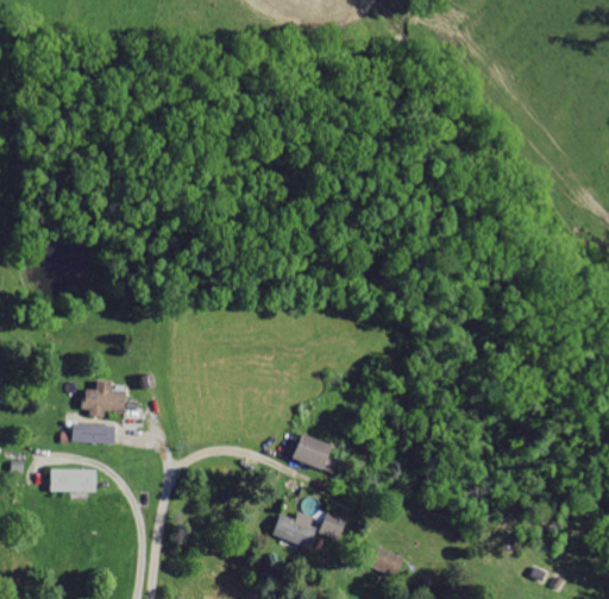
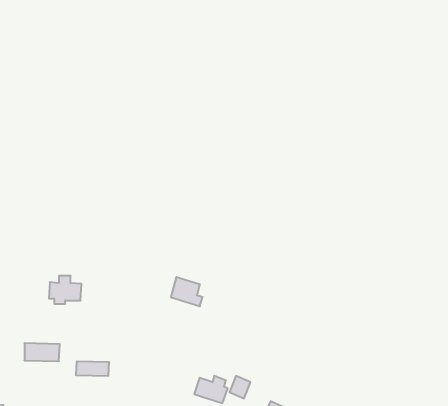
building: [71,424,115,443] -> [76,361,109,376]
building: [293,434,334,472] -> [171,277,203,306]

